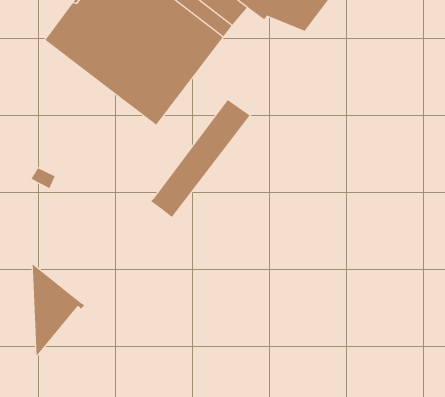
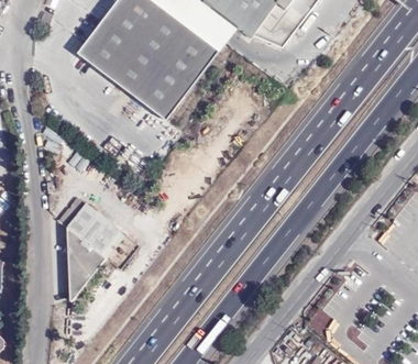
building: [150,99,251,218] -> none
building: none -> [58,198,123,258]

